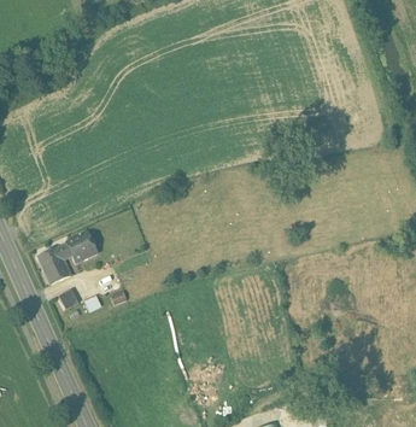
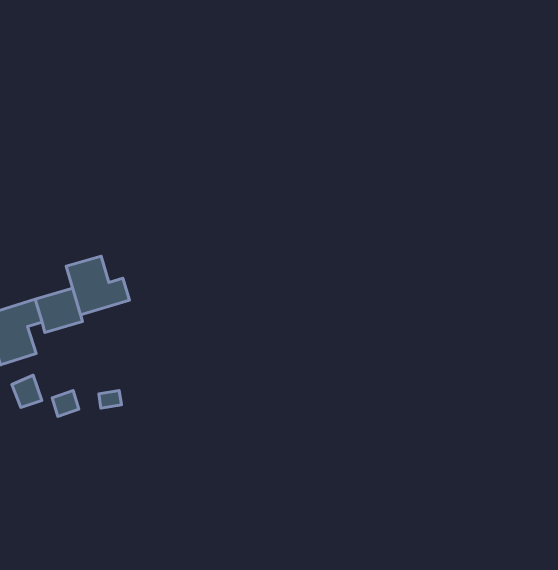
building: none -> [66,256,130,315]

